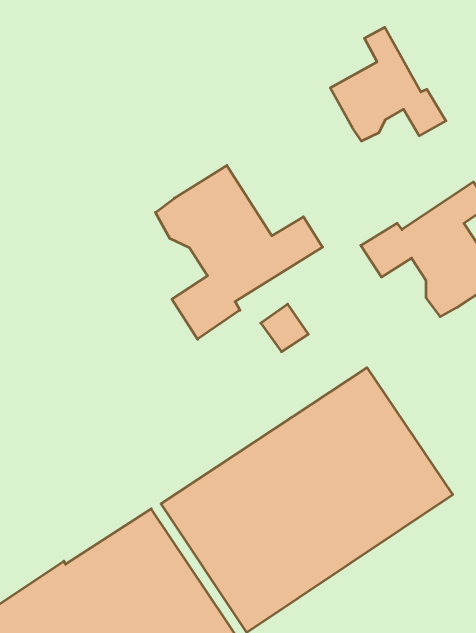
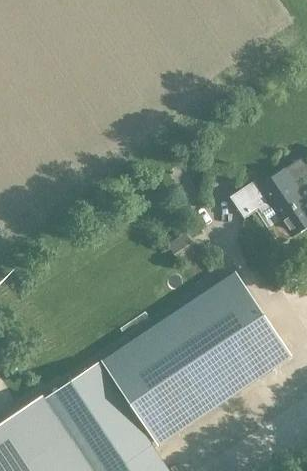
building: [330,27,446,141] -> none
building: [155,165,323,339] -> none

